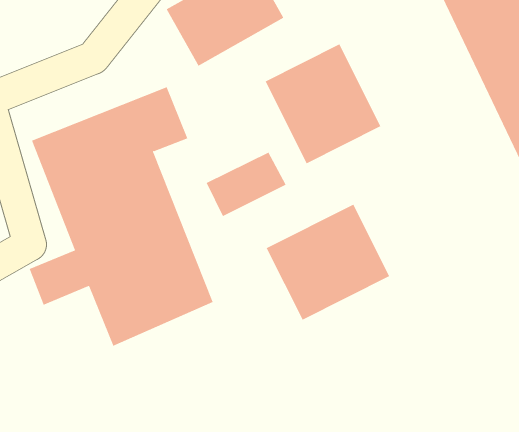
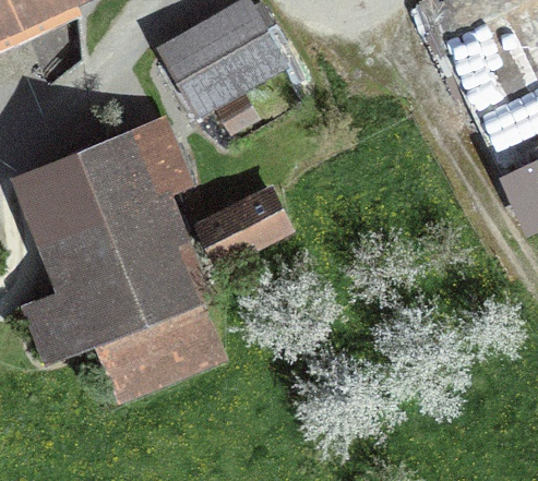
building: [265,44,381,164] -> none
building: [266,204,390,320] -> none

